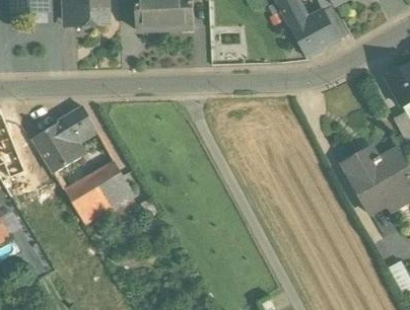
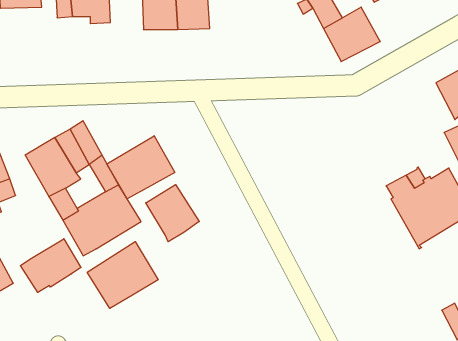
building: none -> [107,136,175,199]
building: none -> [146,185,199,242]
building: none -> [20,239,81,292]
building: none -> [87,242,158,308]

